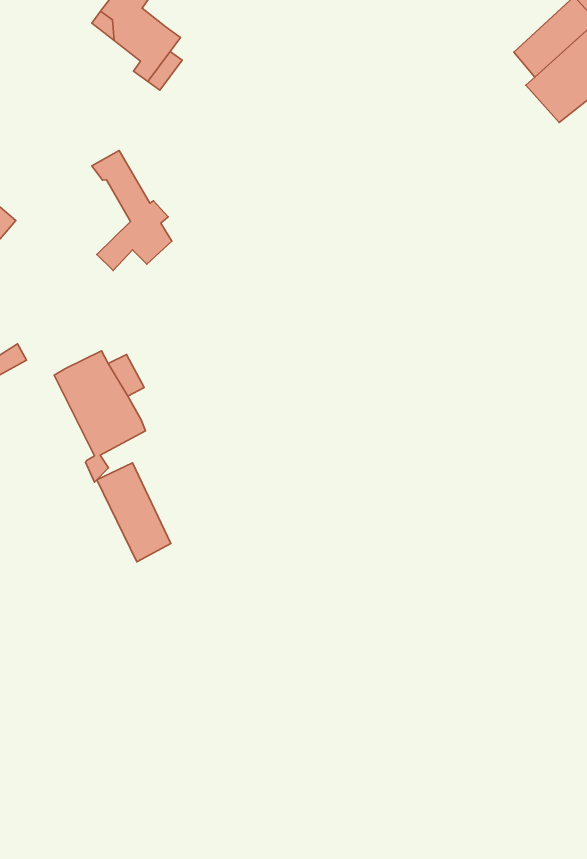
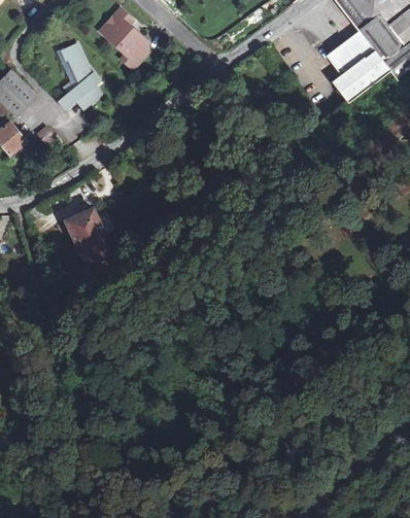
building: [92,150,172,270] -> [58,42,99,107]
building: [97,463,171,562] -> none

